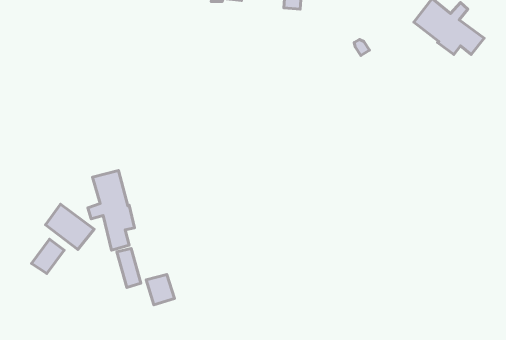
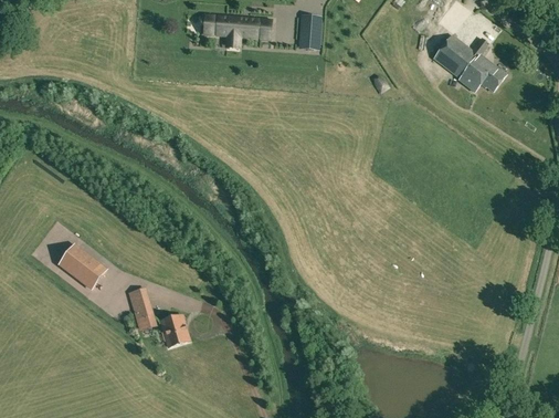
building: [88,171,134,250] -> none
building: [31,239,64,274] -> none

